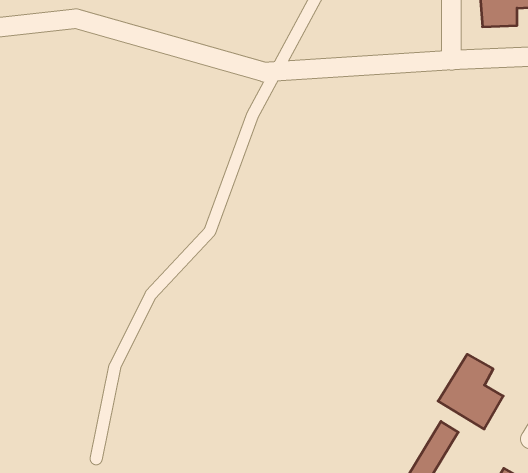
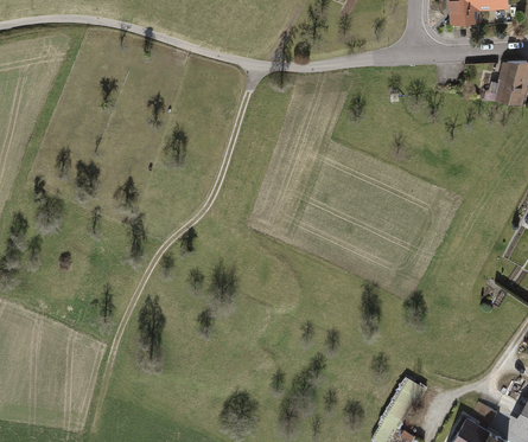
building: [438,354,503,429] -> none

